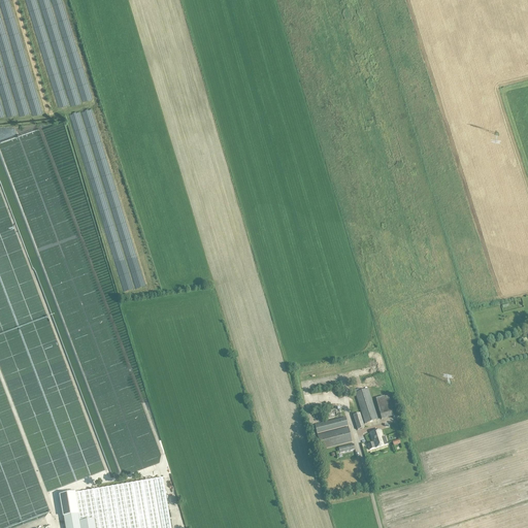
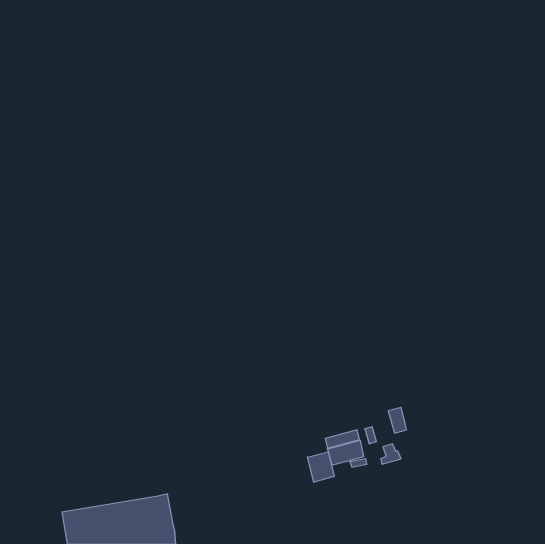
building: [353,388,378,423] -> none
building: none -> [307,452,334,482]

